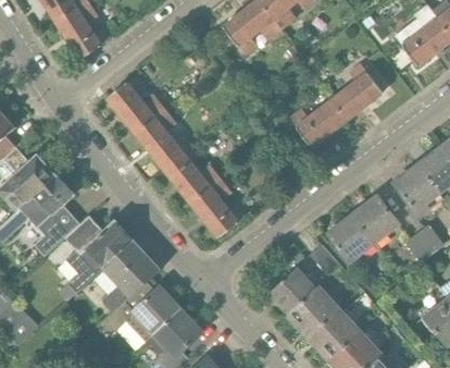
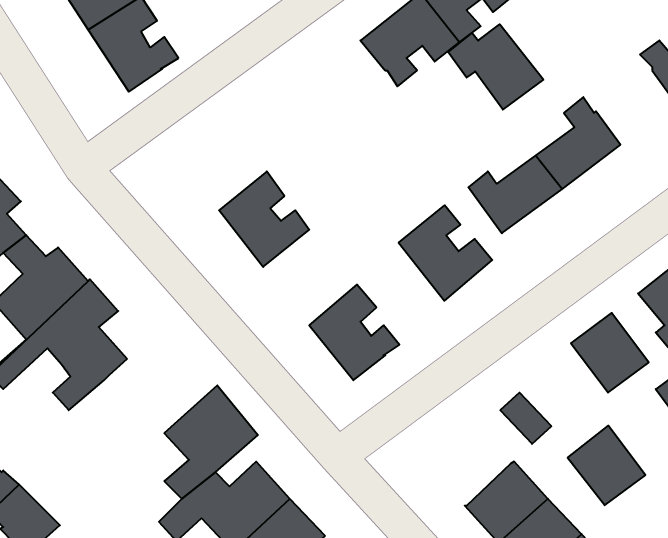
building: none -> [448,24,543,110]
building: [108,75,165,133] -> none
building: [163,145,221,204] -> [399,205,492,301]
building: [327,214,375,263] -> [568,426,645,505]
building: [58,217,135,302] -> none
building: [268,268,315,315] -> none

